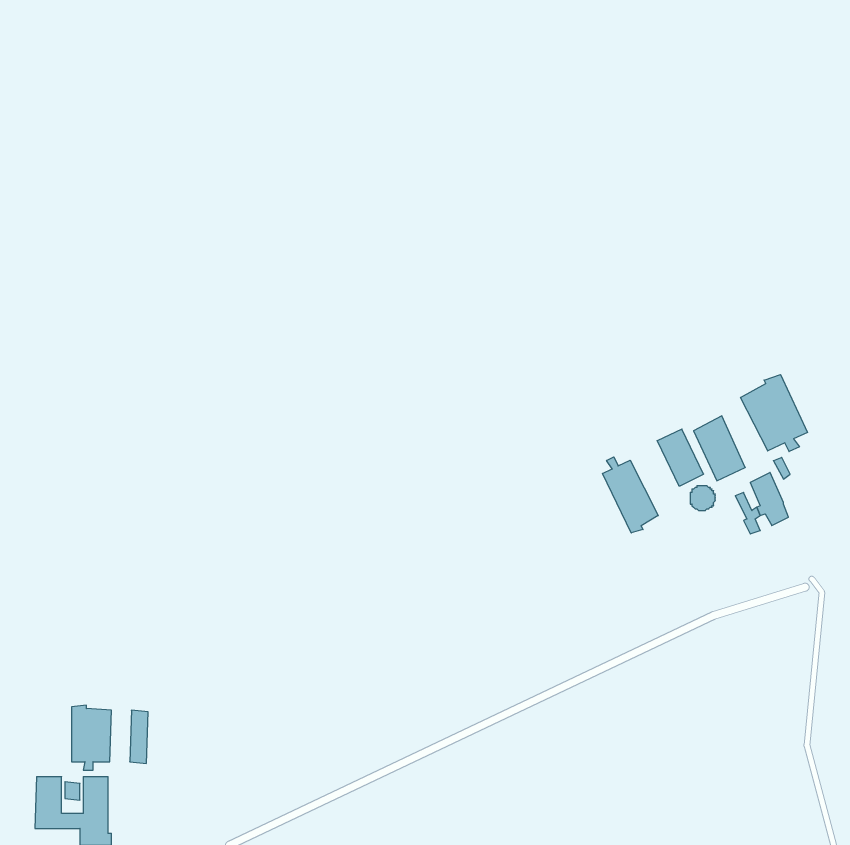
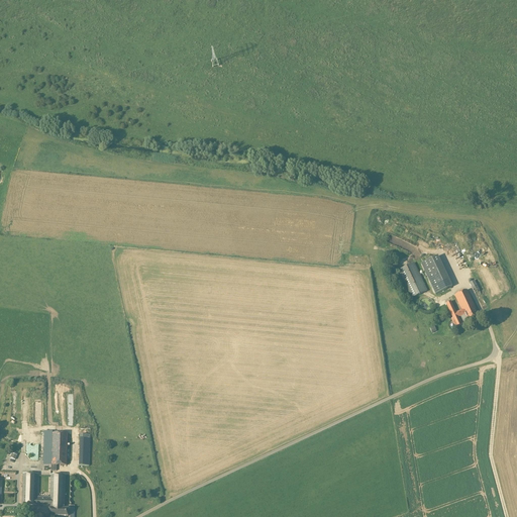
building: [741,375,807,452] -> none
building: [603,457,658,533] -> none

